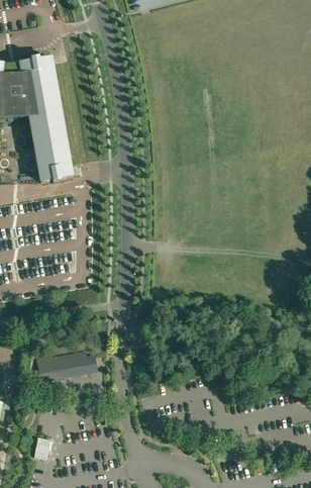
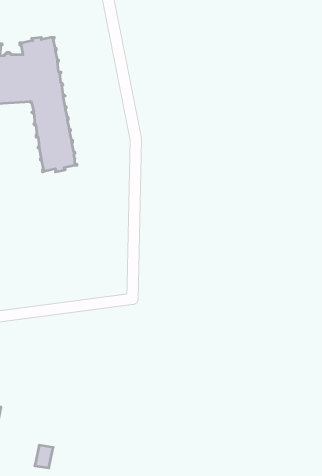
building: [37,352,97,381] -> none

